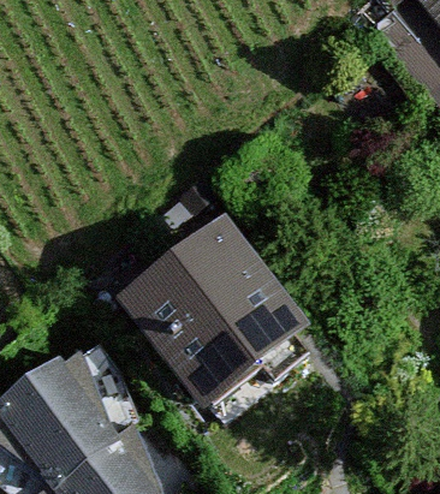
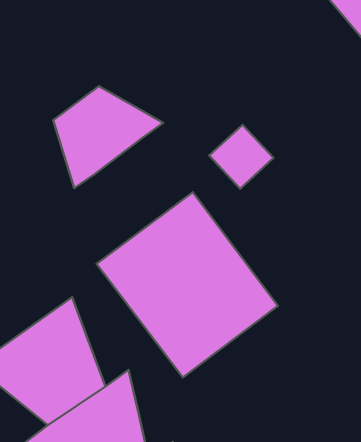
building: none -> [53,86,163,188]

